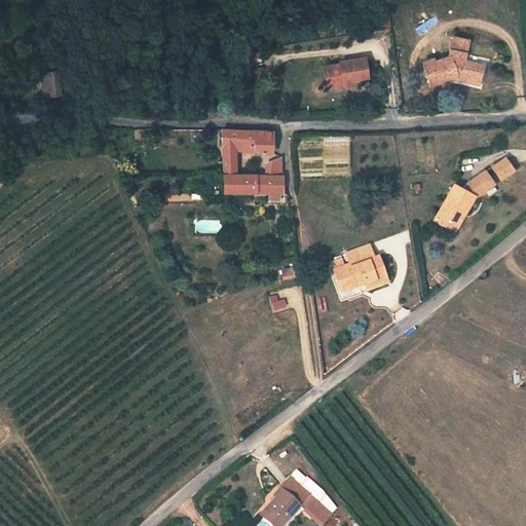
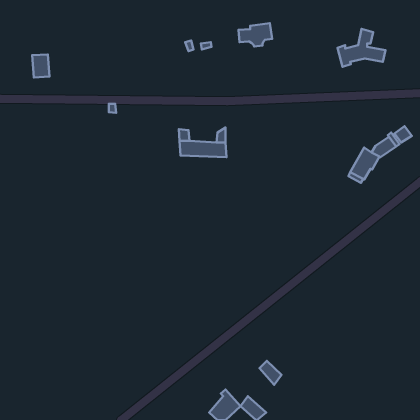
building: [326,58,368,86] -> [239,23,272,46]
building: [222,130,271,155] -> none
building: [333,251,385,295] -> none
building: [283,477,310,506] -> [259,361,282,385]

